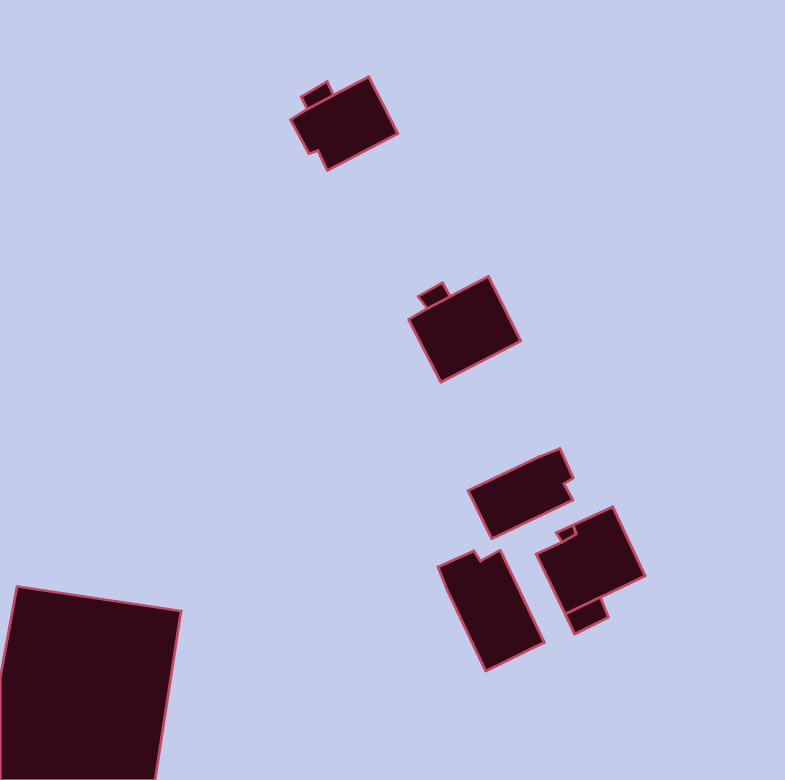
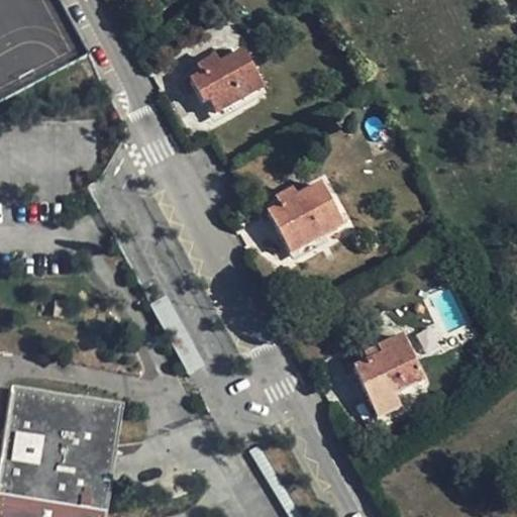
building: [468,448,573,539] -> none
building: [438,550,544,671] -> none

